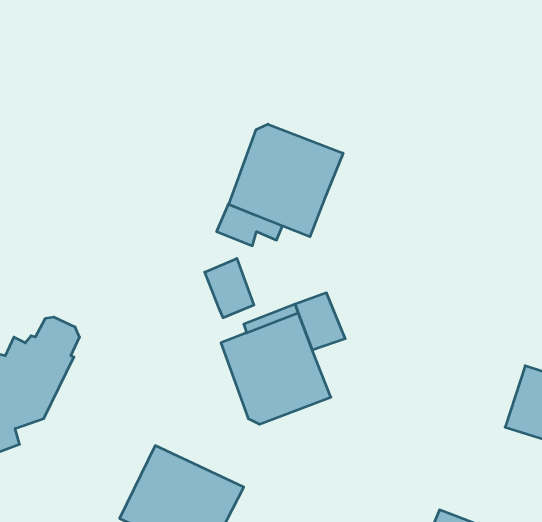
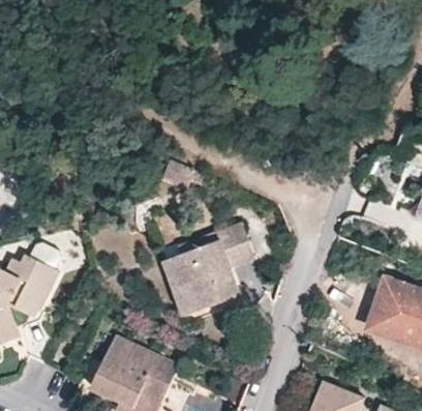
building: [229,124,343,237] -> none
building: [205,258,254,318] -> none

